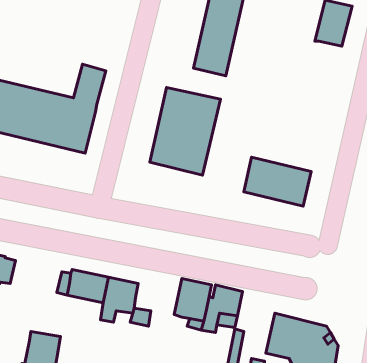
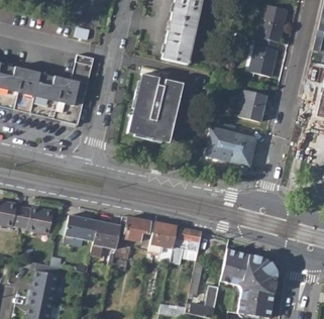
building: none -> [249,35,280,75]
building: none -> [239,88,266,120]
building: none -> [20,207,53,233]
building: none -> [118,215,150,241]

